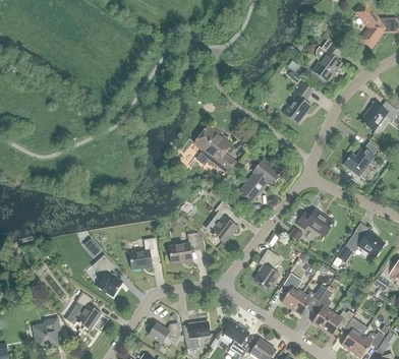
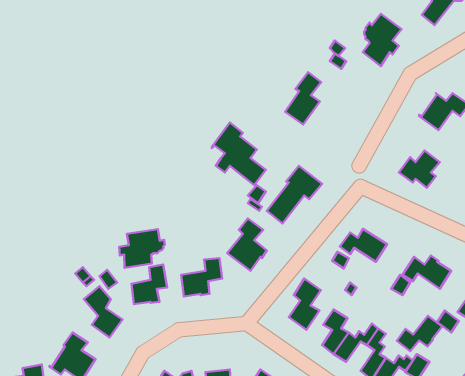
building: [284,81,312,123] -> [285,72,321,125]
building: none -> [119,229,165,268]
building: none -> [397,316,442,351]

